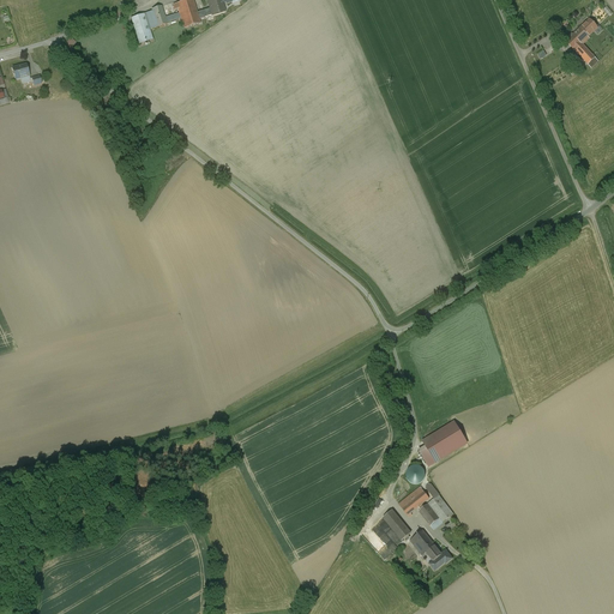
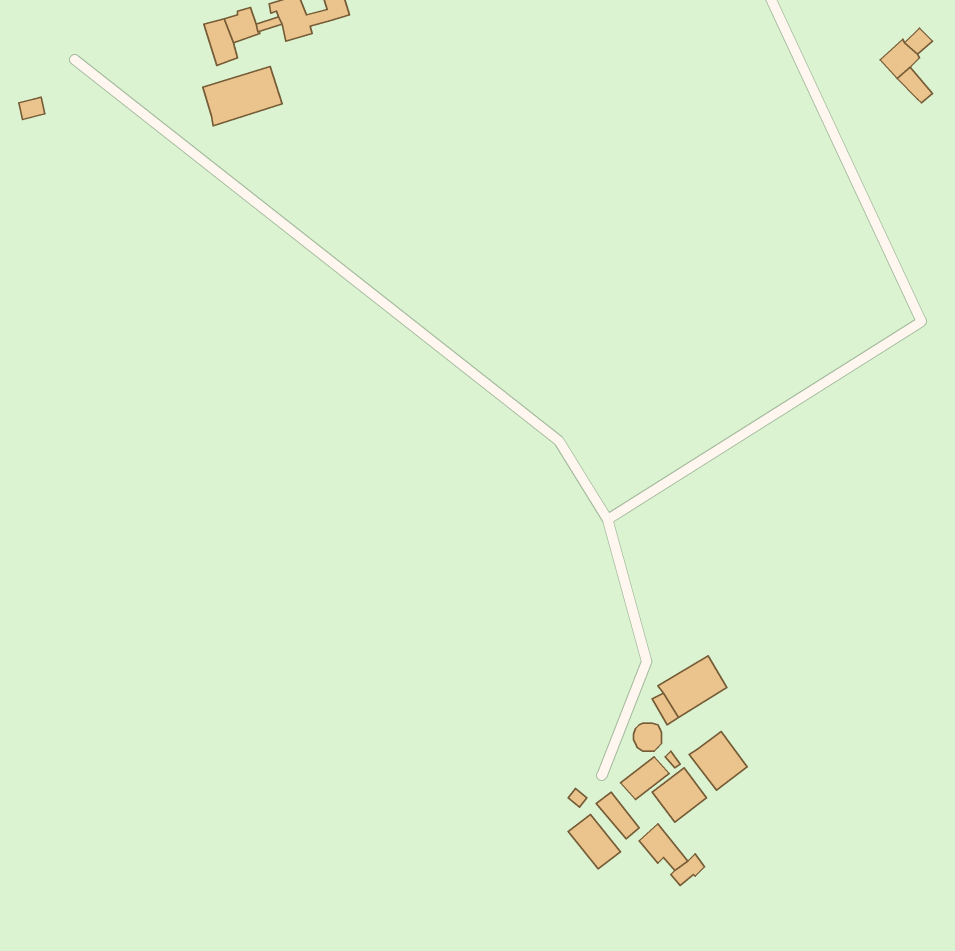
building: none -> [203,67,282,126]
building: none -> [689,731,747,790]

